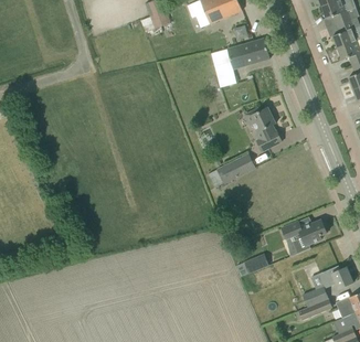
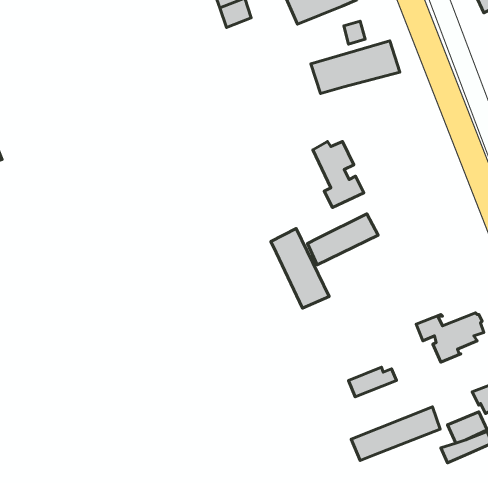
building: [248,107,283,151] -> [313,142,364,208]
building: none -> [271,229,329,308]
building: none -> [351,407,440,460]

